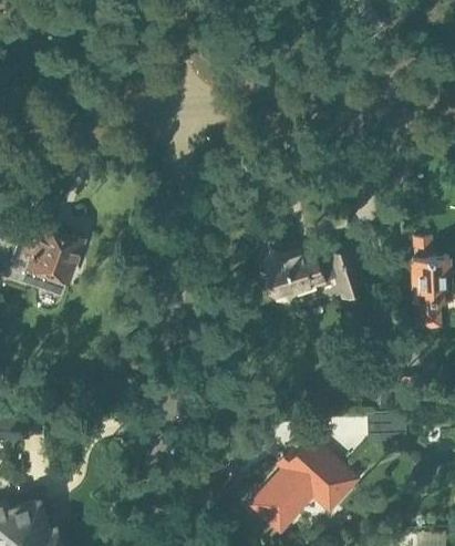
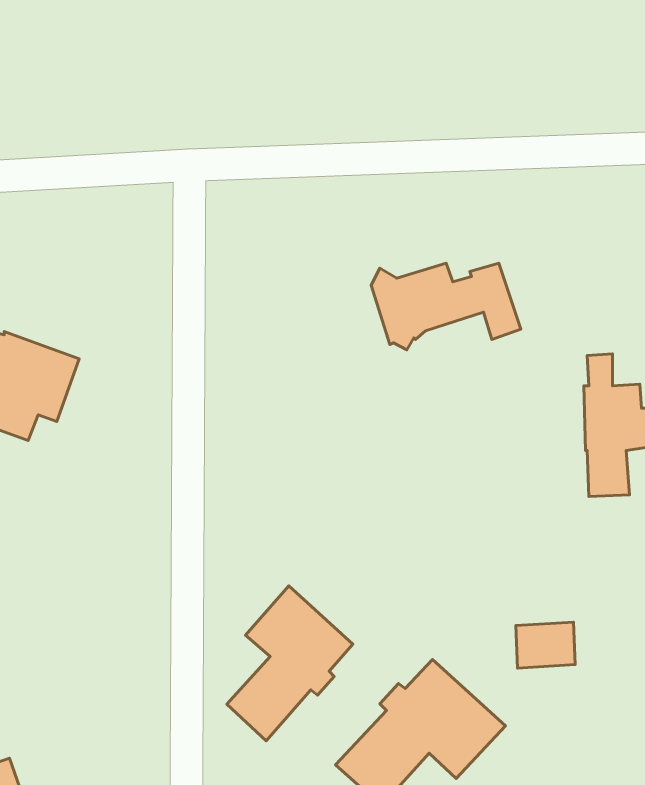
building: [265,248,362,305] -> [371,263,521,350]
building: none -> [227,586,353,741]

